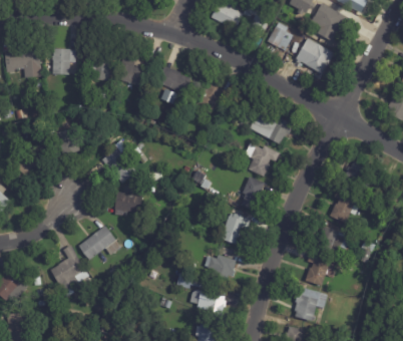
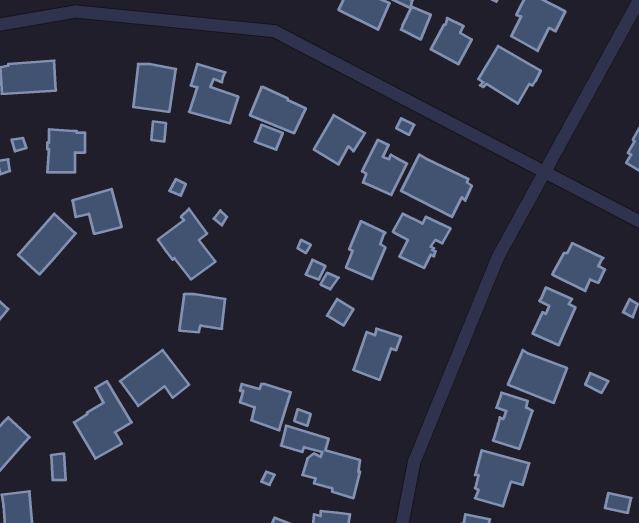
building: [52,47,75,73] -> [47,129,85,172]
building: none -> [362,140,407,195]
building: [241,176,265,211] -> [346,221,385,279]
building: [205,255,236,283] -> [240,384,291,430]

